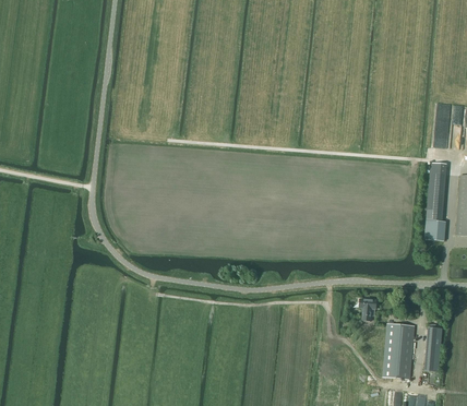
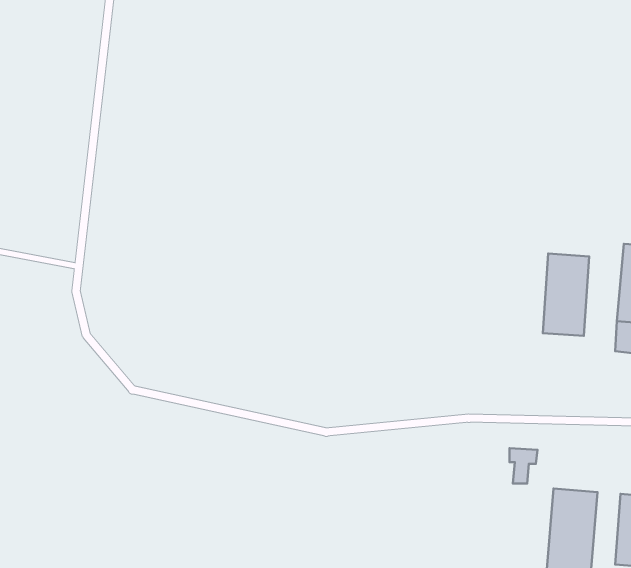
building: none -> [543,254,589,336]

